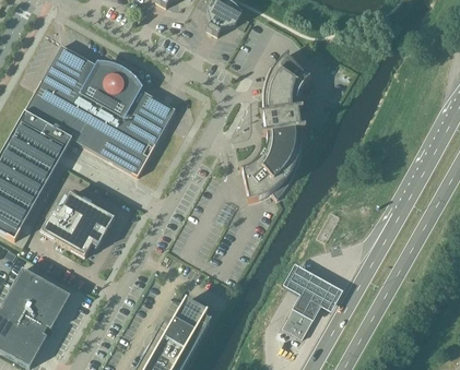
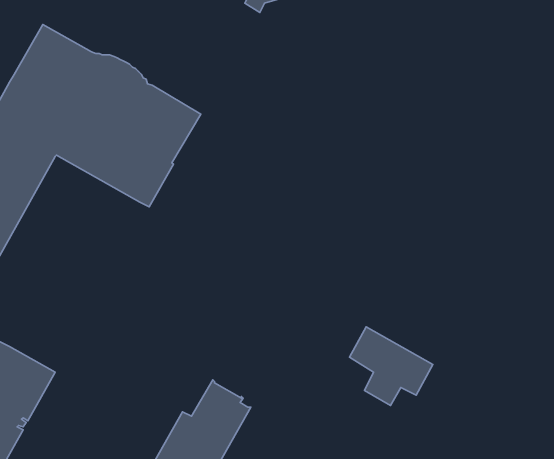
building: [240,53,308,201] -> none
building: [43,195,114,256] -> none
building: [281,308,311,339] -> none

